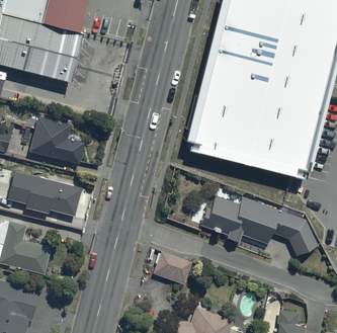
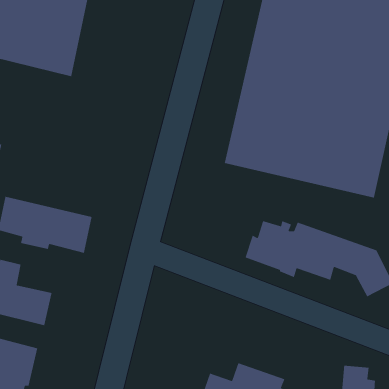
building: [29,119,85,167] -> none
building: [154,249,192,282] -> none

